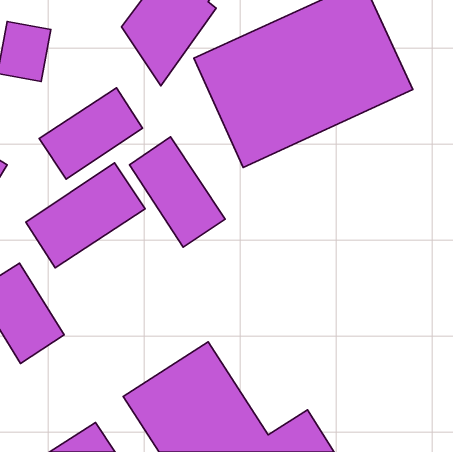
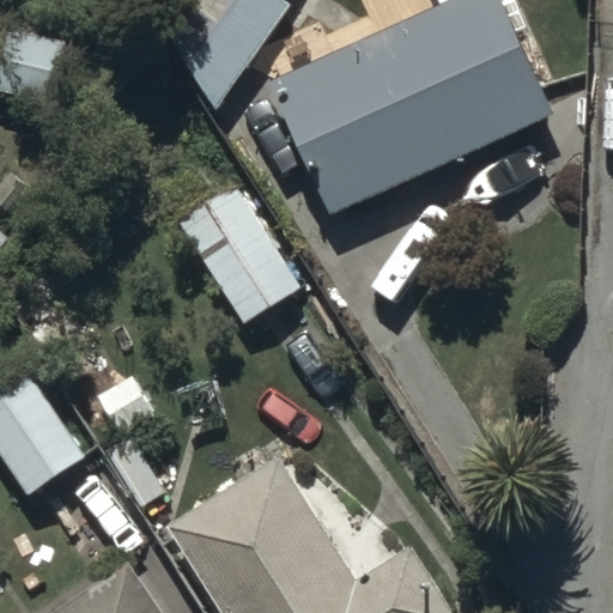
building: [39,88,142,179] -> none
building: [26,163,145,268] -> none

